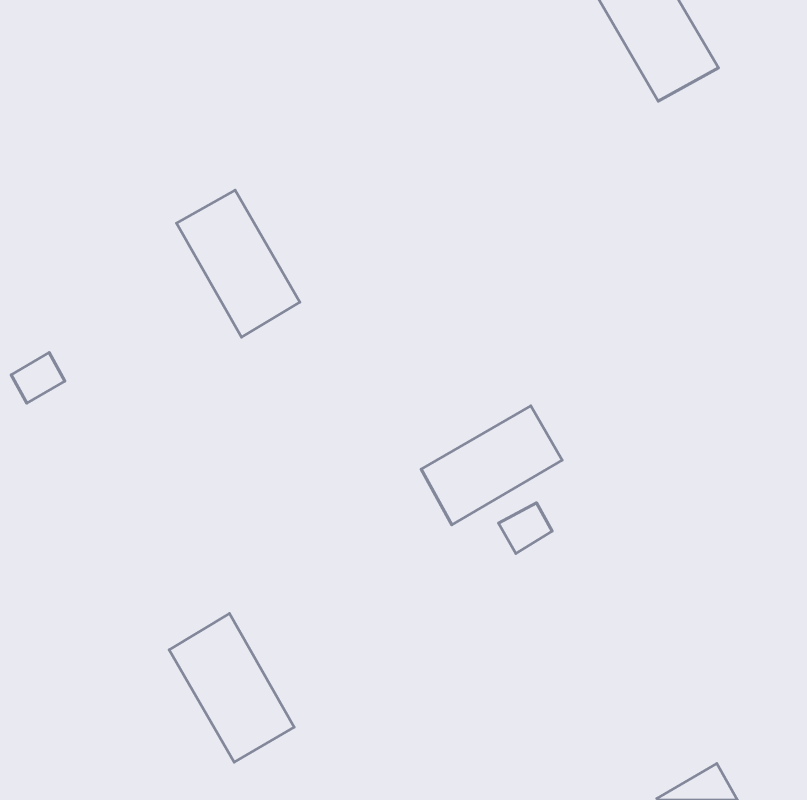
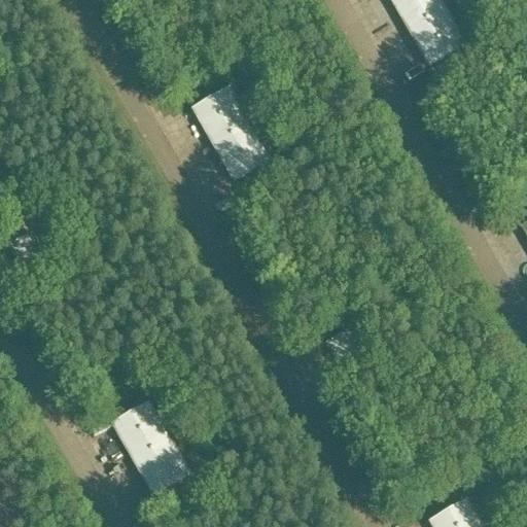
building: [176,190,300,337] -> [191,85,272,181]
building: [421,406,562,525] -> none

